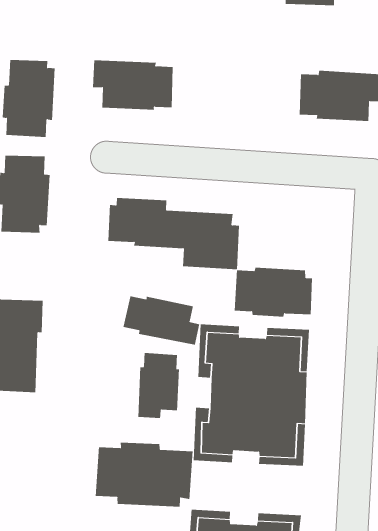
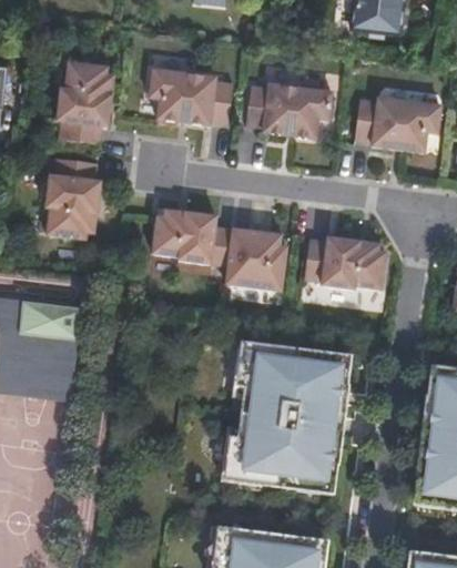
building: none -> [246,83,333,138]
building: [234,267,313,317] -> [304,236,386,288]
building: [123,295,200,346] -> none
building: [138,352,180,419] -> none
building: [95,442,193,508] -> none

